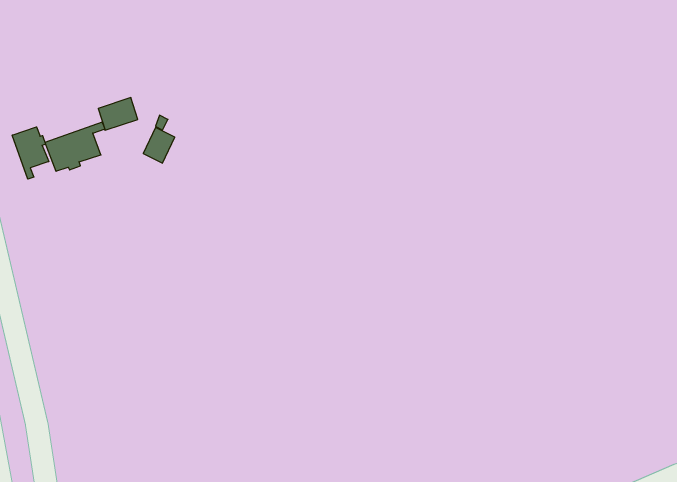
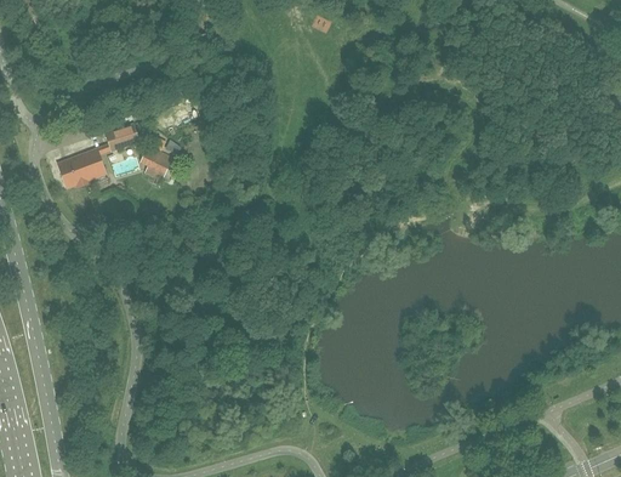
building: [12,127,49,179] -> none

